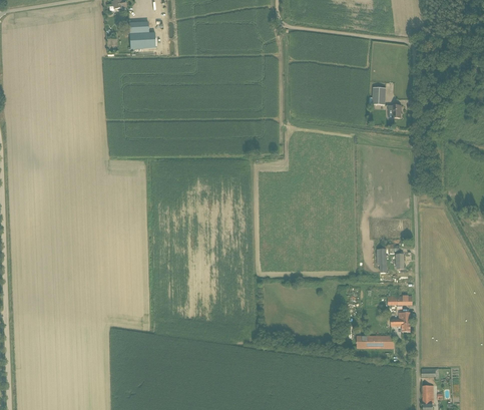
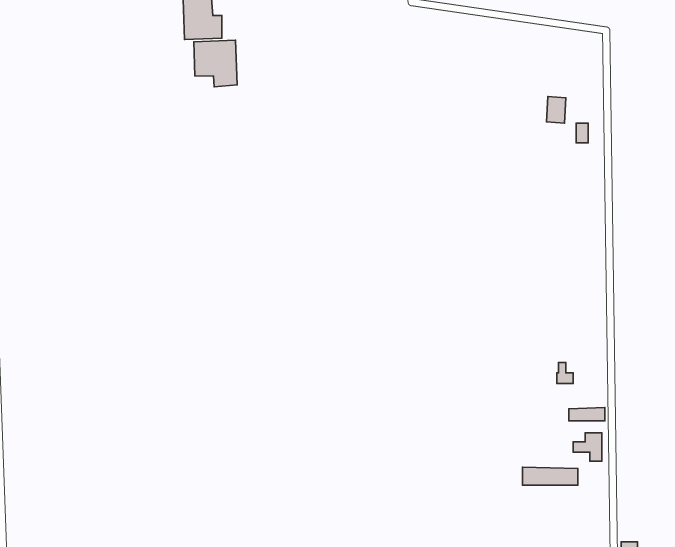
building: none -> [194,40,237,87]

